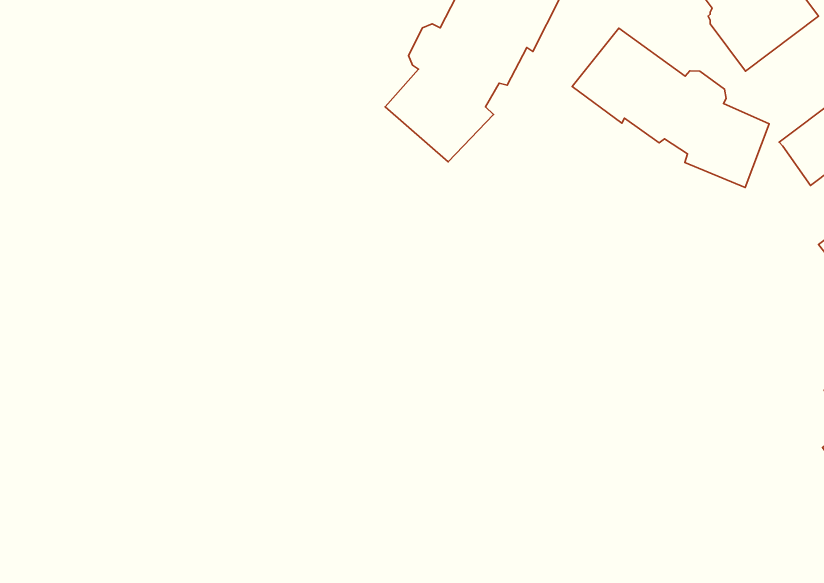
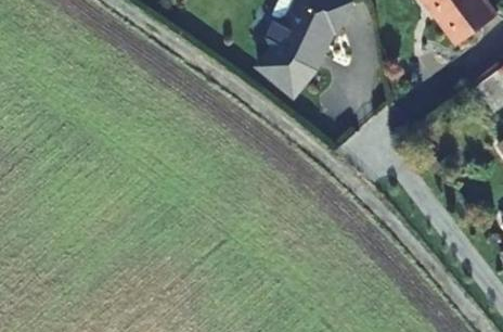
building: [572,28,769,188] -> none

